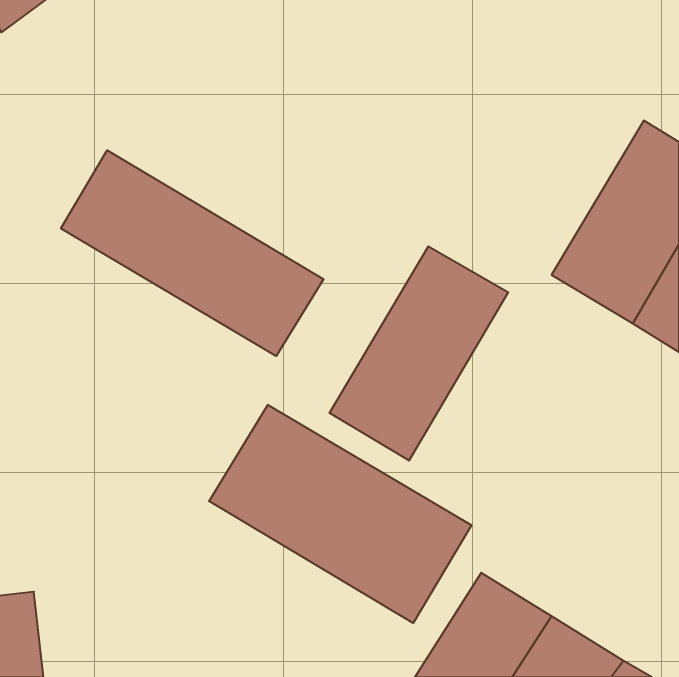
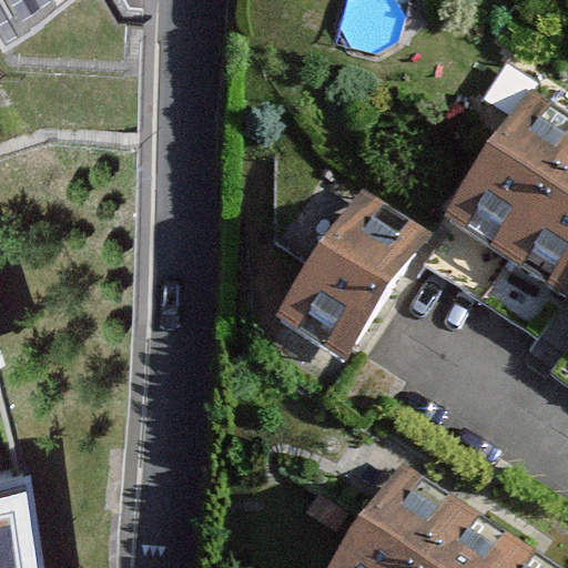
building: [61,150,324,356] -> none
building: [209,405,471,623] -> none

